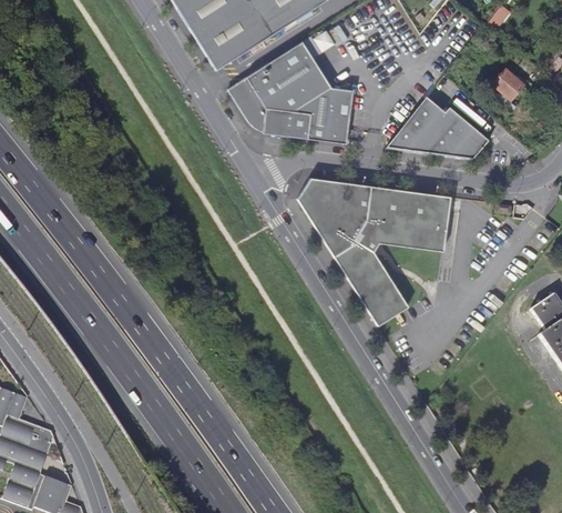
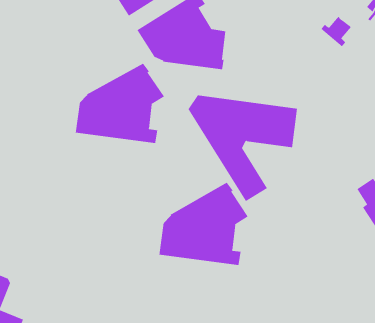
building: [385,95,490,161] -> none
building: none -> [75,63,165,144]
building: none -> [159,182,248,266]

